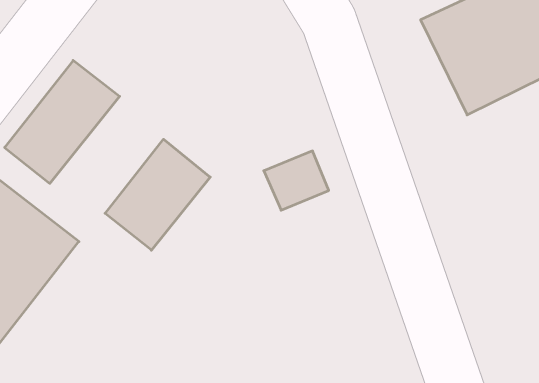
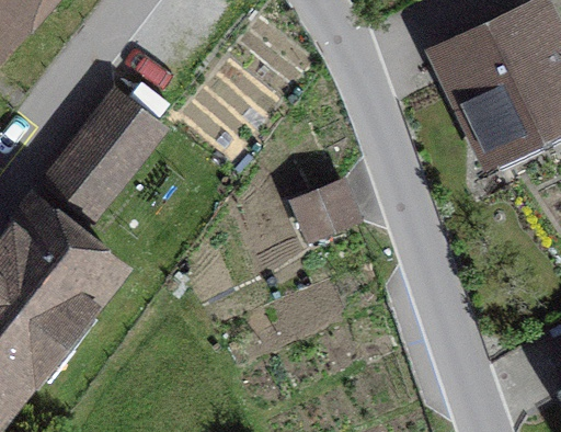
building: [105,139,210,250] -> none

